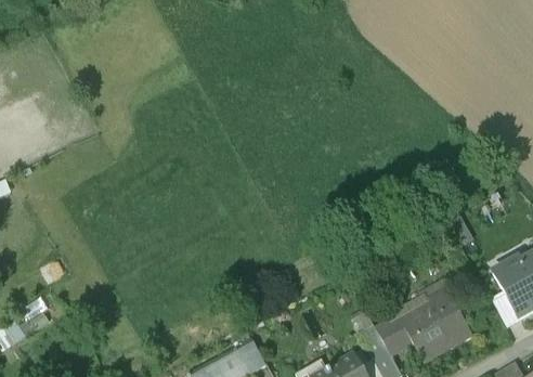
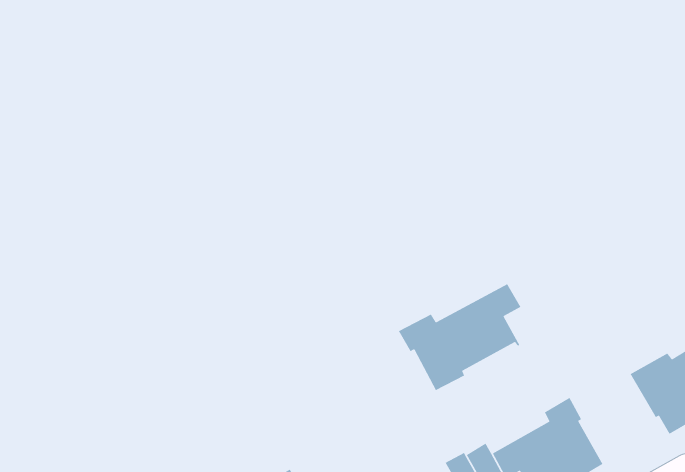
building: none -> [398,283,522,391]

